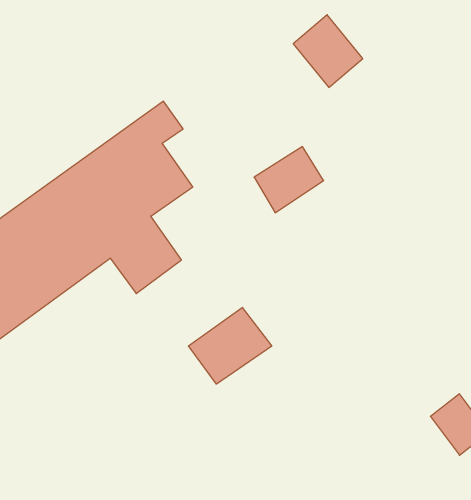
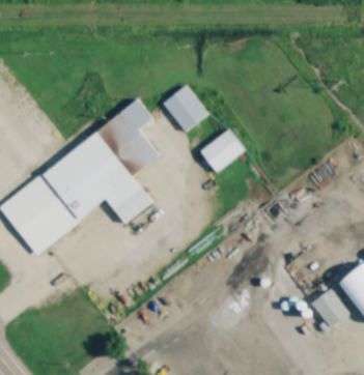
building: [293,15,363,87] -> [162,85,206,132]
building: [188,307,272,384] -> none

